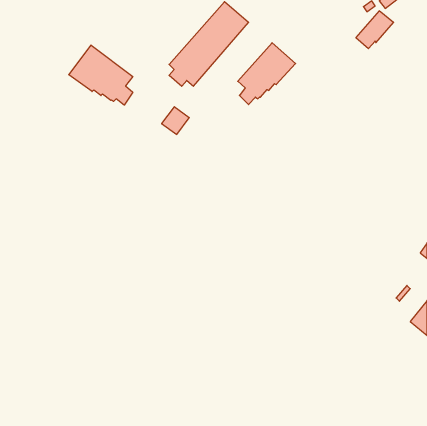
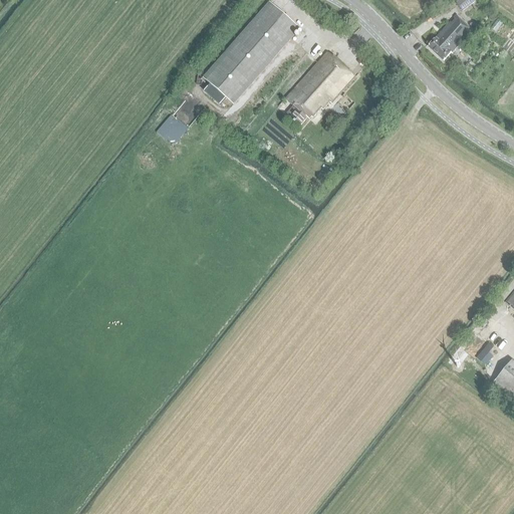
building: [69,45,133,105] -> none
building: [162,107,189,134] -> [163,105,196,139]

